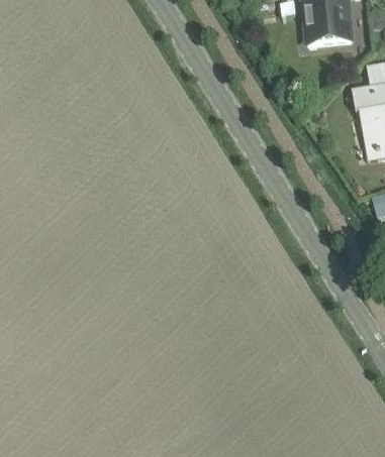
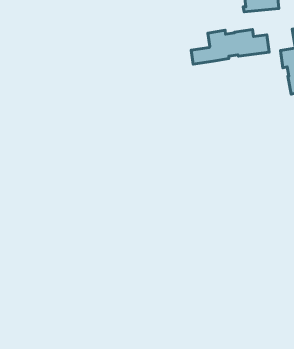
building: none -> [191,29,269,64]

